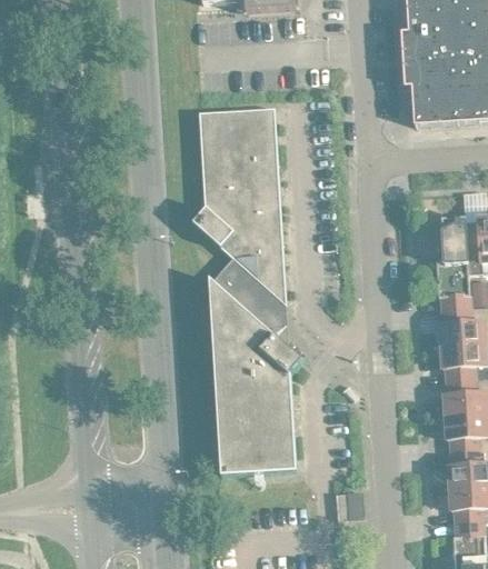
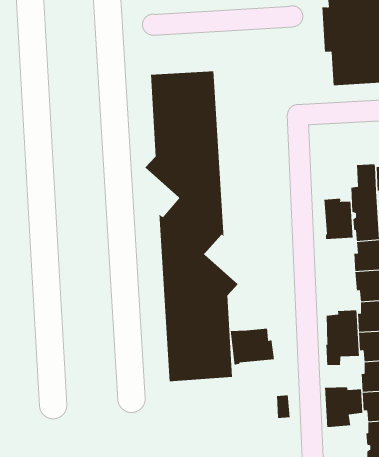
building: none -> [324,198,353,240]
building: none -> [326,310,359,366]
building: none -> [230,328,274,365]
building: none -> [324,386,363,428]

